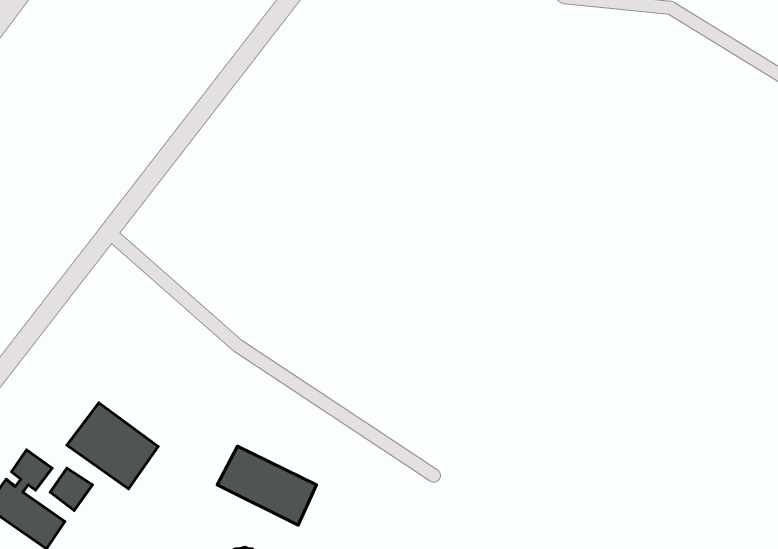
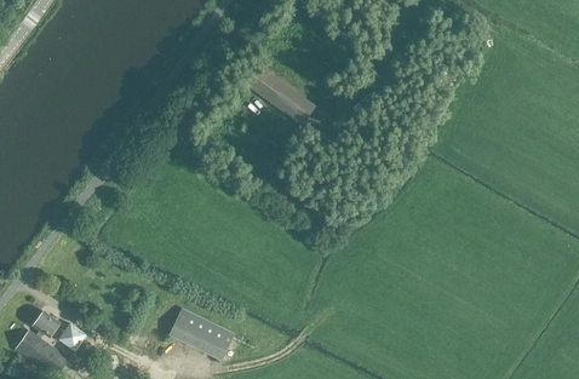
building: none -> [248,65,313,121]
building: [67,403,158,489] -> none

